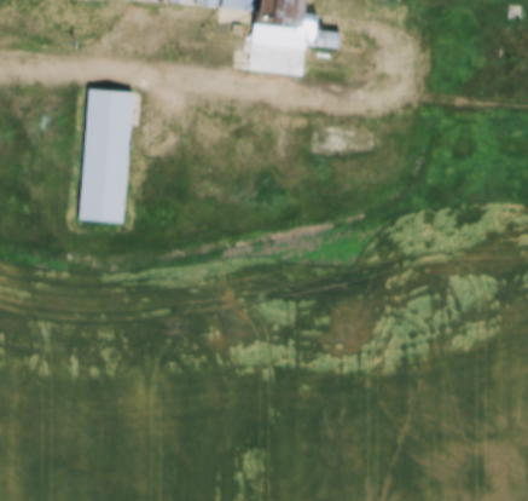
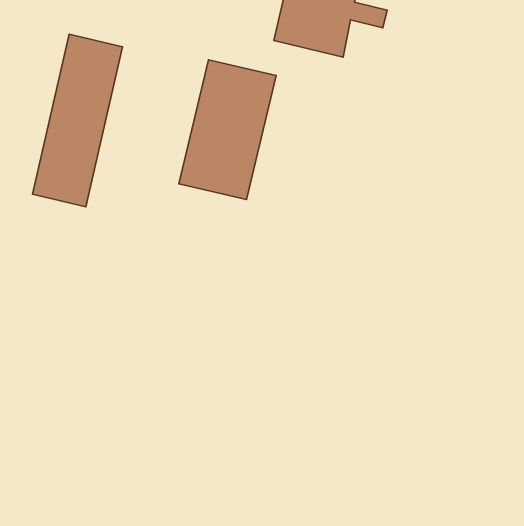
building: none -> [179,60,276,200]

